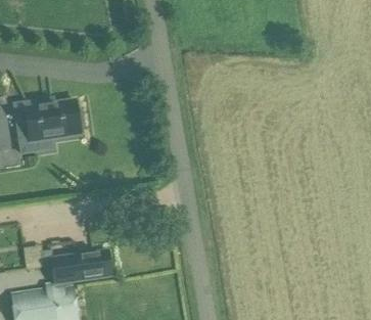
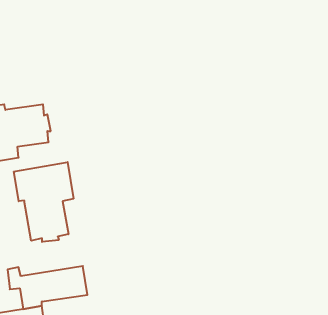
building: none -> [14,162,73,242]

